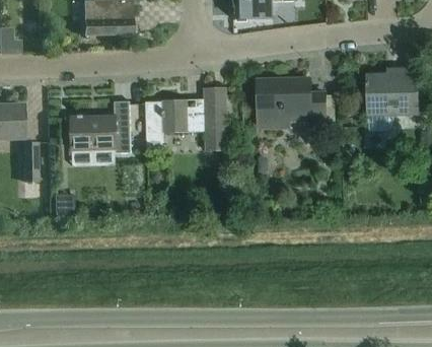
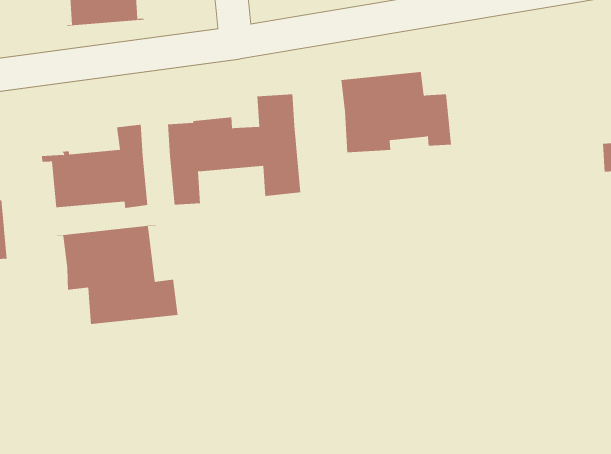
building: [365,69,417,131] -> none
building: none -> [56,224,178,325]

